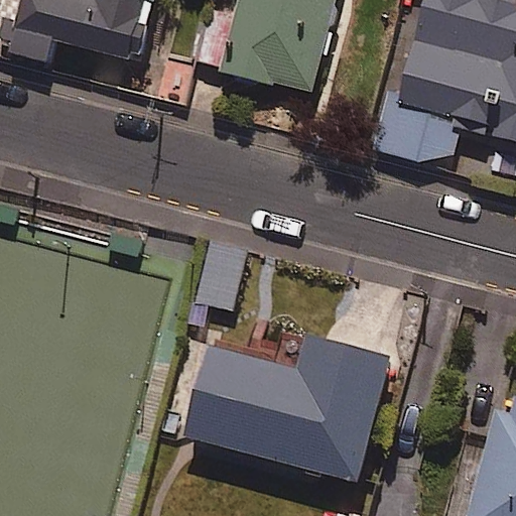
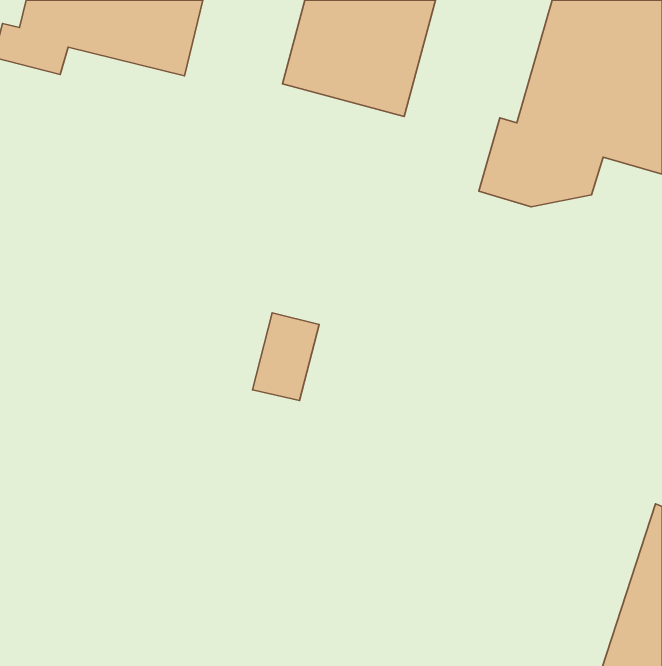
building: [181,330,393,478] -> none

